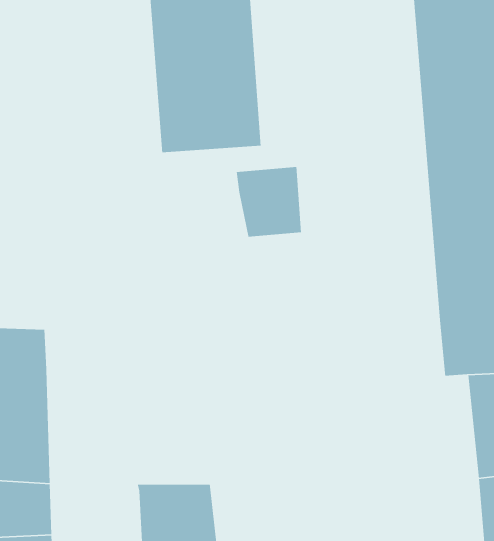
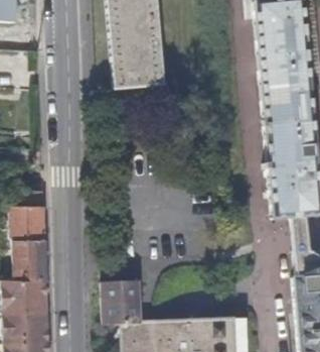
building: [236,166,302,237] -> none

